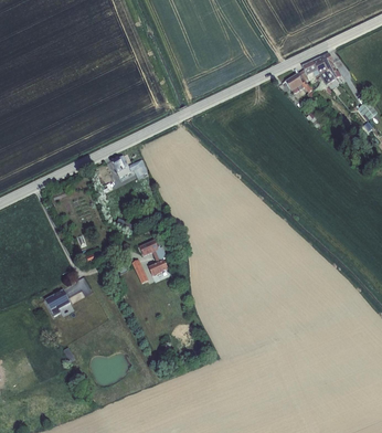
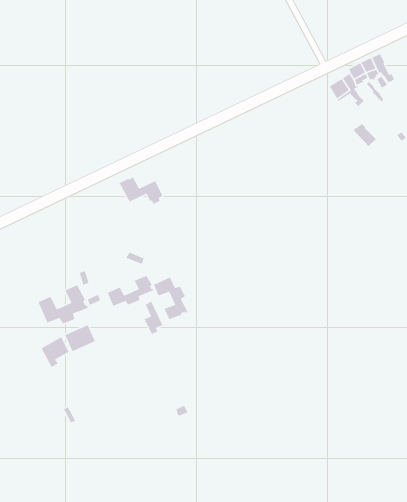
building: none -> [107,275,155,307]
building: none -> [38,284,89,324]

